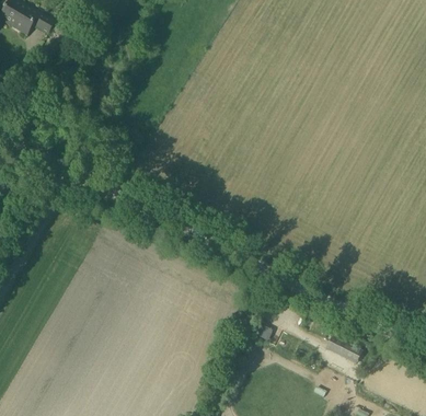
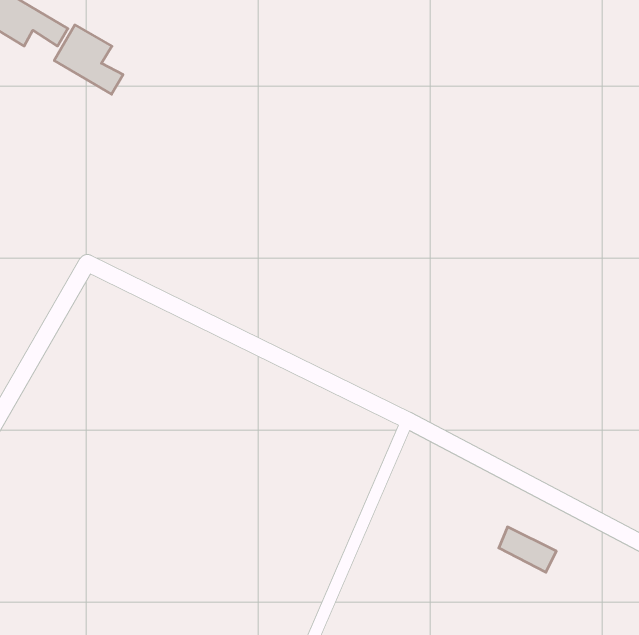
building: none -> [54,25,123,94]

